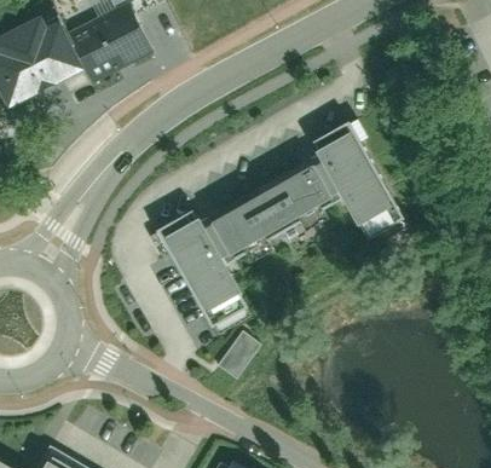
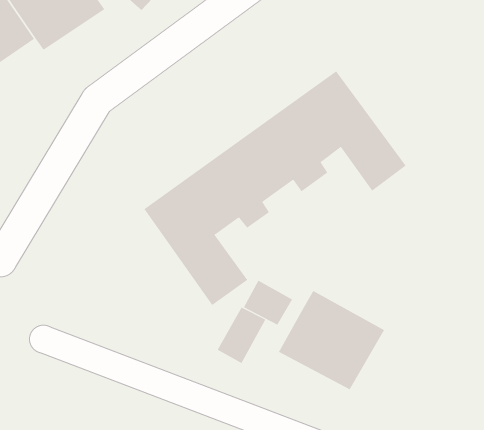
building: none -> [243,280,293,325]
building: none -> [278,290,385,390]

